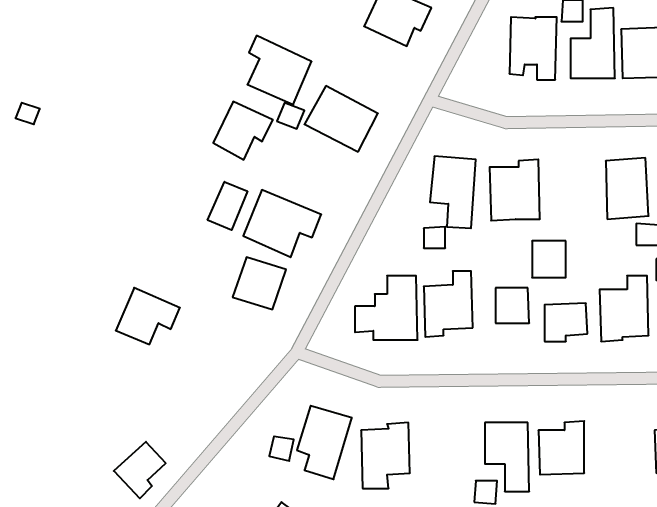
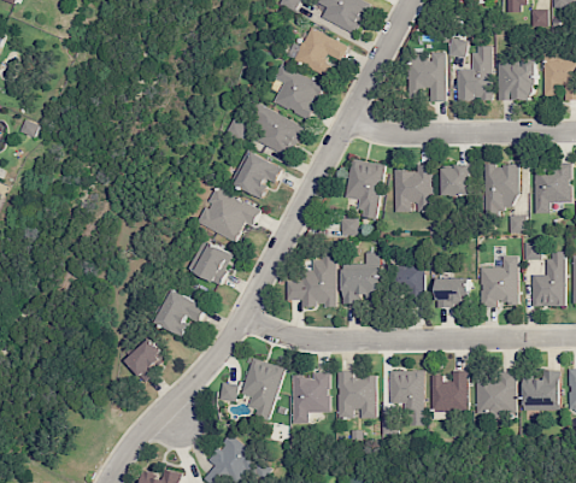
building: [247,36,312,105] -> [272,64,323,118]
building: [213,102,273,160] -> [236,152,283,198]
building: [208,182,247,230] -> none
building: [532,241,566,278] -> [442,166,469,195]
building: [116,288,180,344] -> [157,290,207,335]
building: none -> [337,371,376,418]
building: none -> [476,372,516,416]
building: [114,442,166,498] -> [124,337,165,382]

